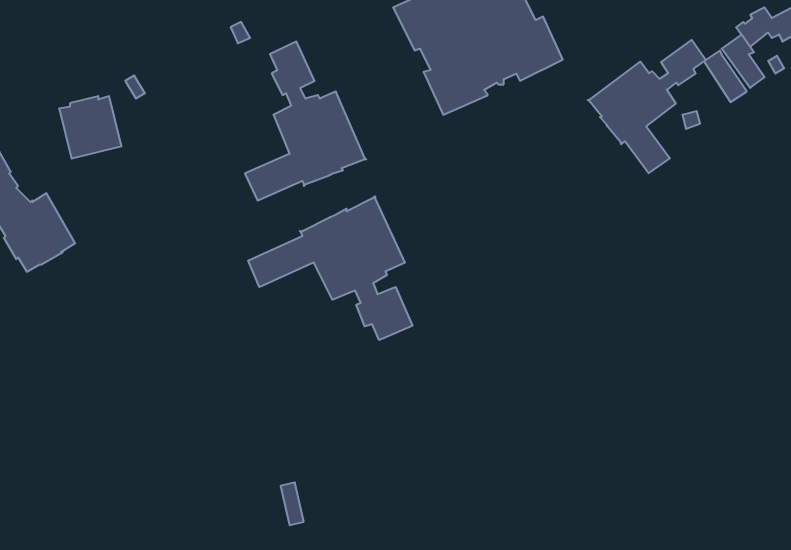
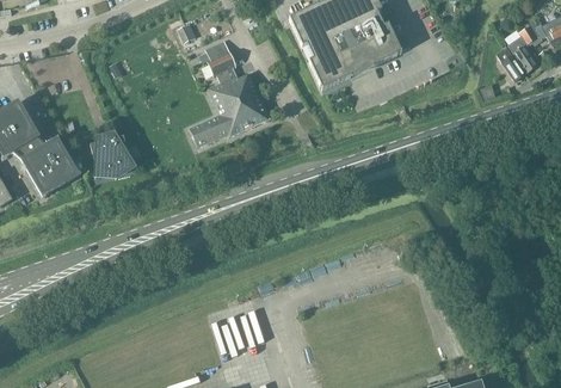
building: [588,40,706,173] -> none
building: [59,96,122,159] -> [90,135,131,177]
building: [248,196,412,340] -> none

